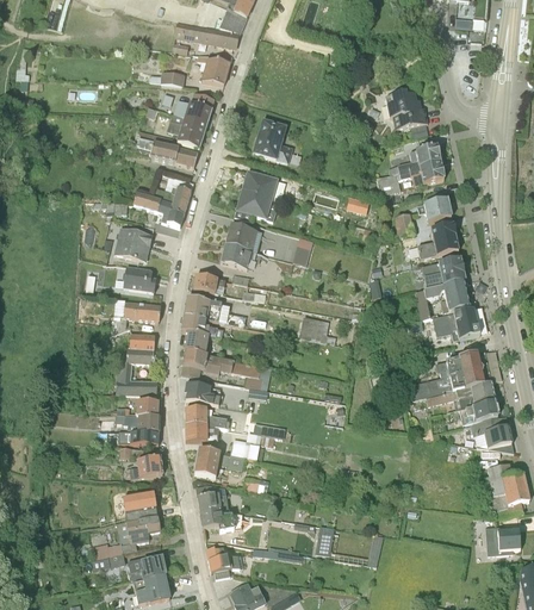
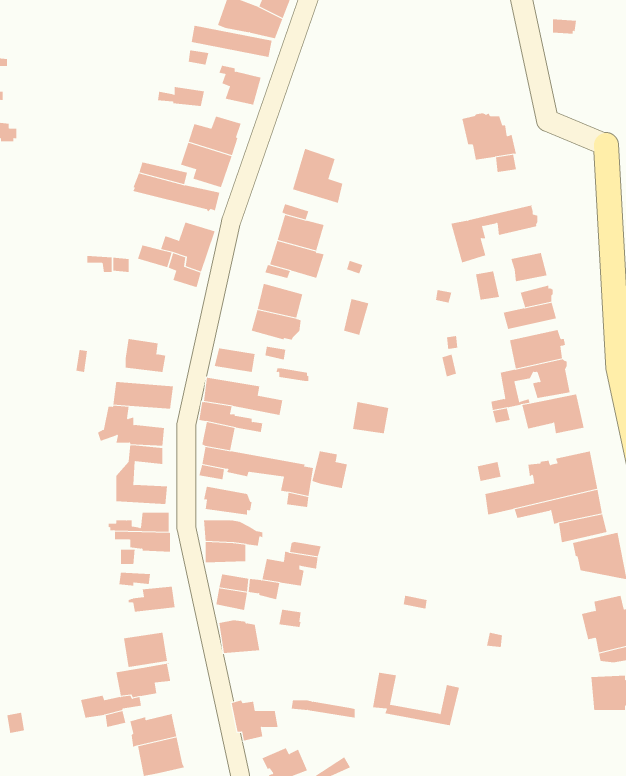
building: [389,139,441,174] -> none
building: [114,229,151,261] -> none
building: none -> [312,450,347,489]
building: [200,508,243,529] -> none

